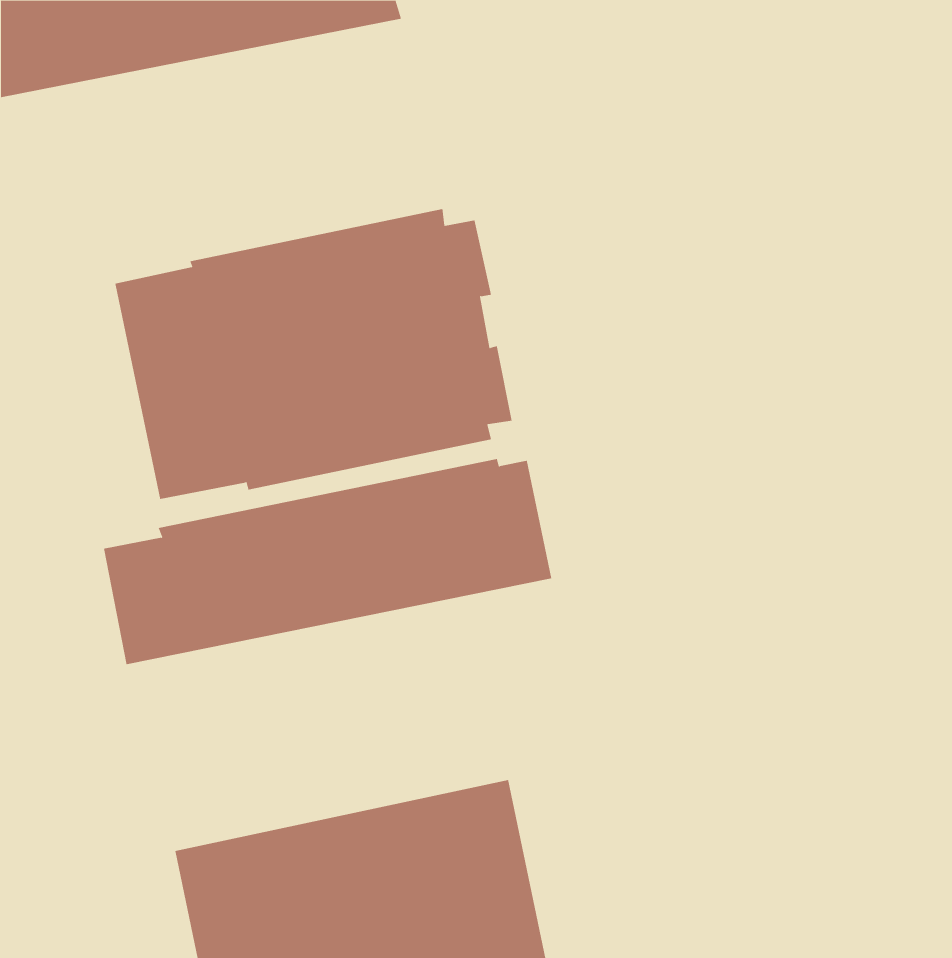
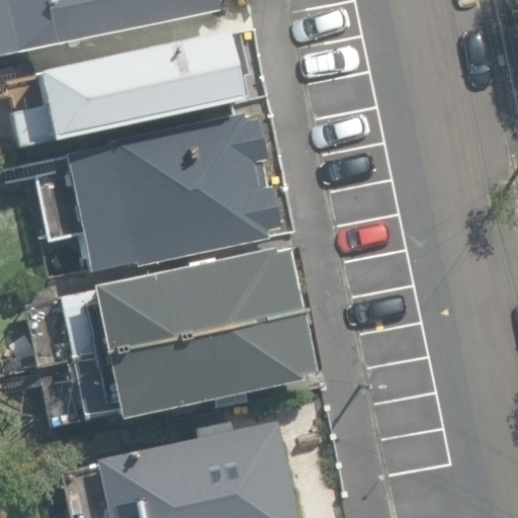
building: none -> [12,31,248,146]
building: none -> [72,313,313,421]

